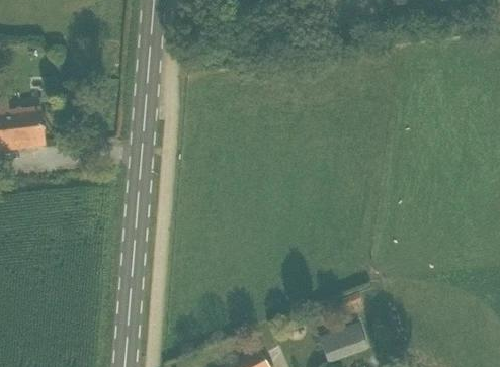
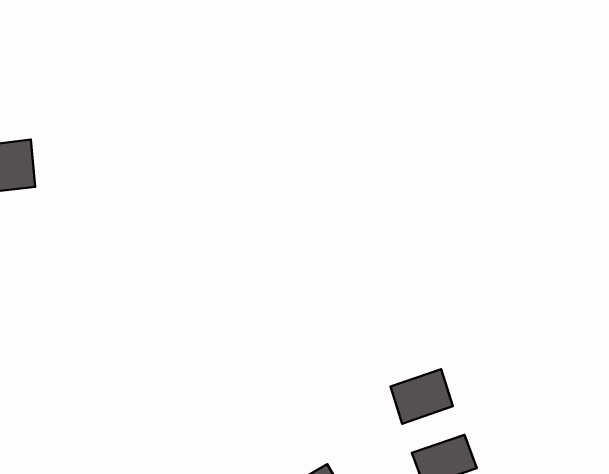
building: none -> [391,369,453,424]

